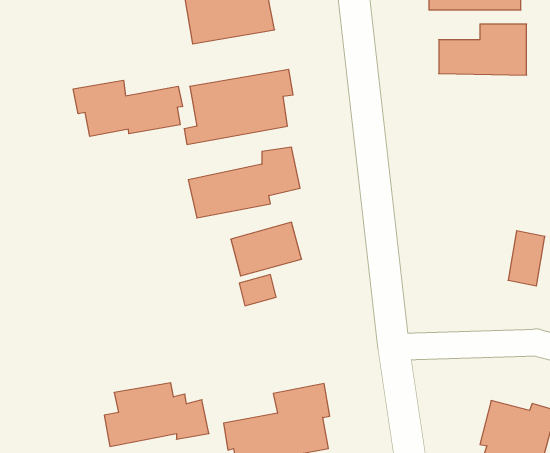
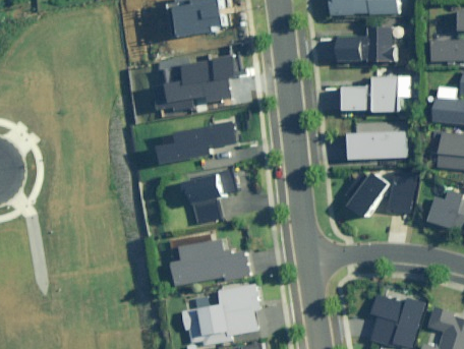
building: [73,80,183,136] -> none
building: none -> [342,75,409,112]
building: none -> [348,131,406,159]
building: none -> [343,171,388,217]
building: [104,383,209,446] -> [174,239,249,285]

